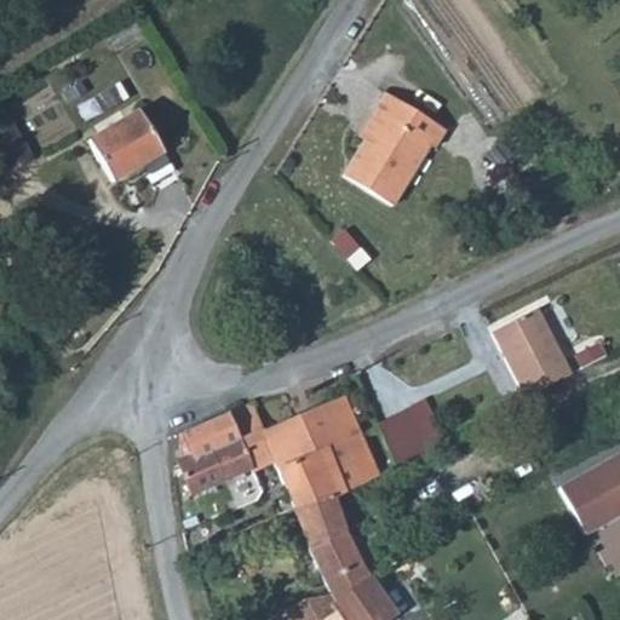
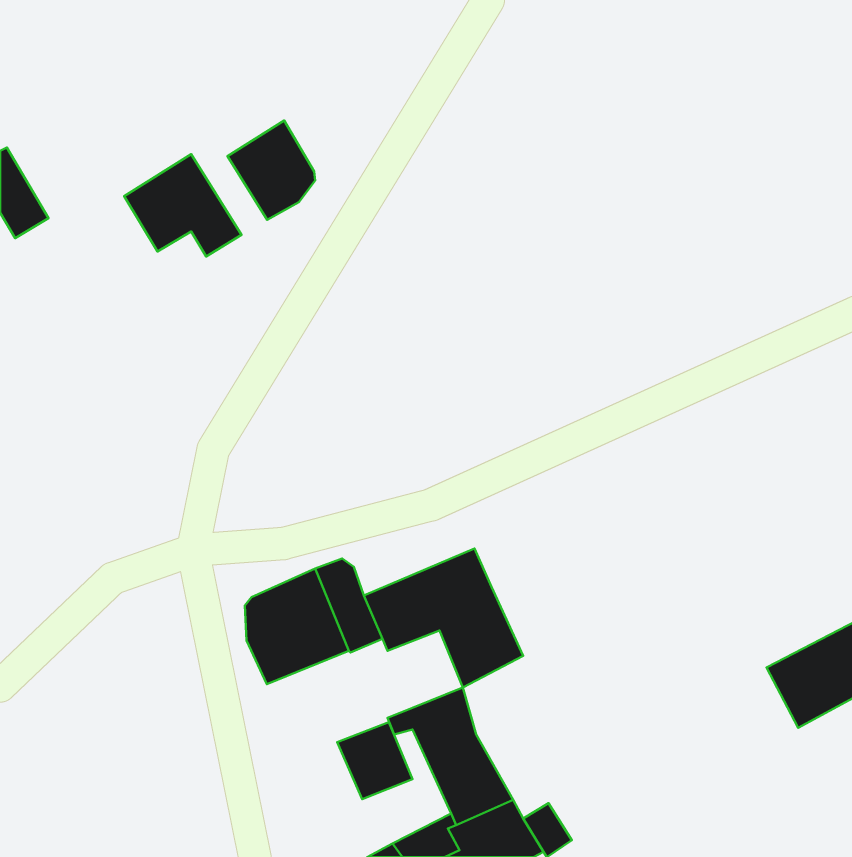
building: none -> [227,120,315,220]
building: [341,91,446,205] -> none
building: [489,310,572,401] -> none
building: [378,408,427,465] -> none
building: [283,455,338,511] -> [337,722,412,799]

